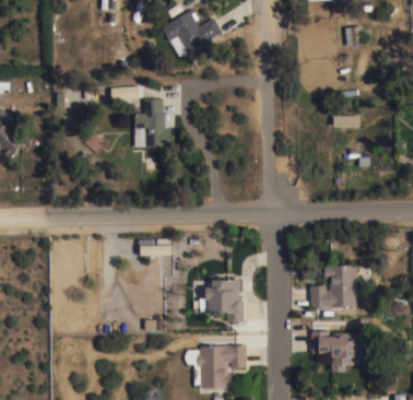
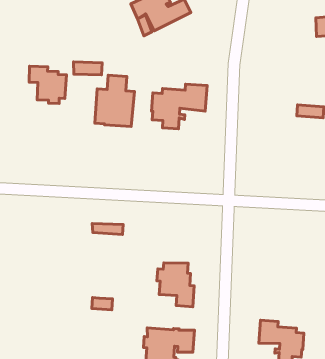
building: none -> [29,66,67,104]
building: none -> [152,84,207,129]
building: [310,266,359,308] -> none

